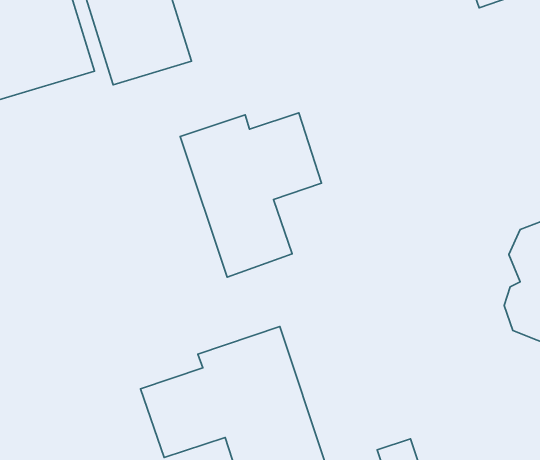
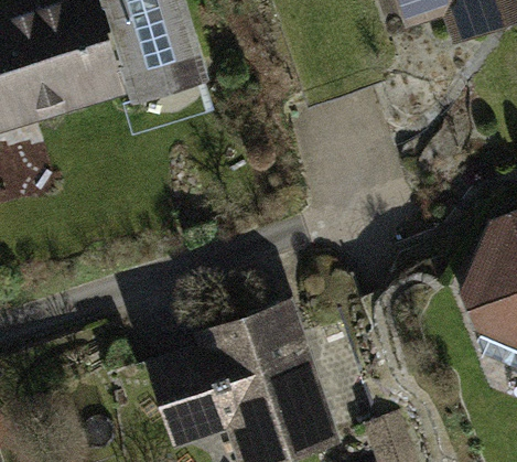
building: [180,113,322,277] -> none

